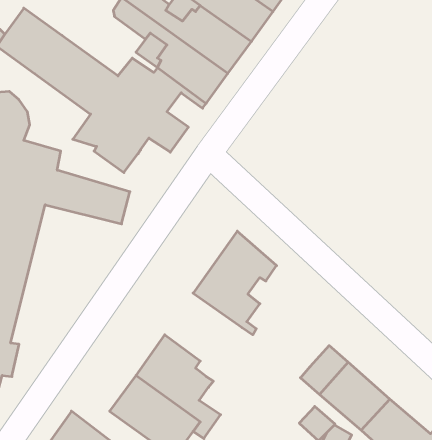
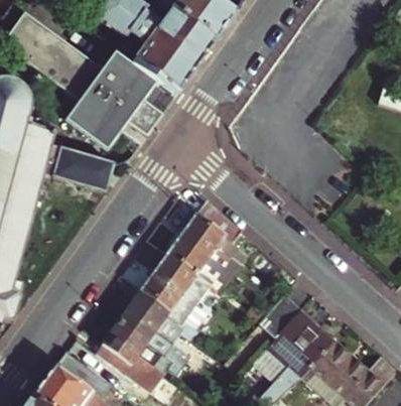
building: none -> [143,251,209,323]

